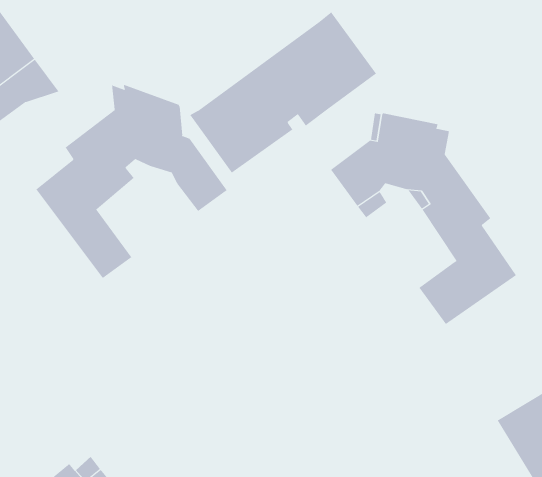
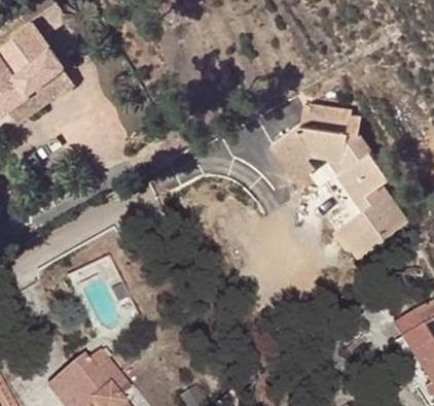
building: [189,11,377,174] -> none
building: [36,84,227,279] -> none

